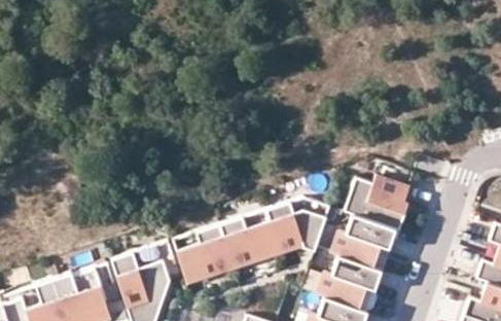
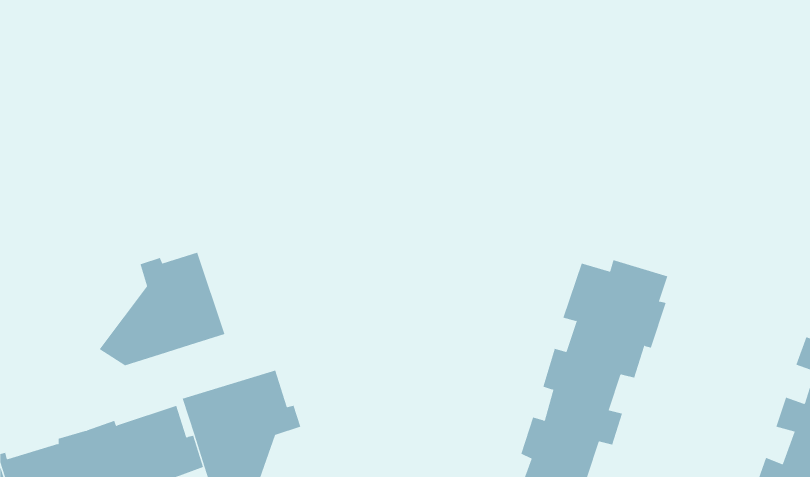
building: none -> [99,252,225,366]
building: [174,199,330,285] -> none

